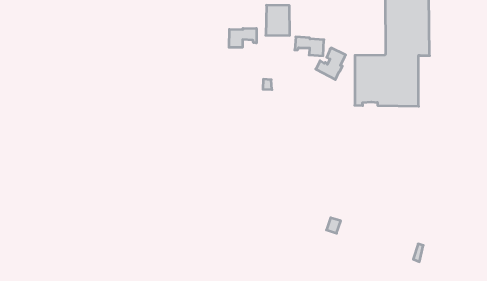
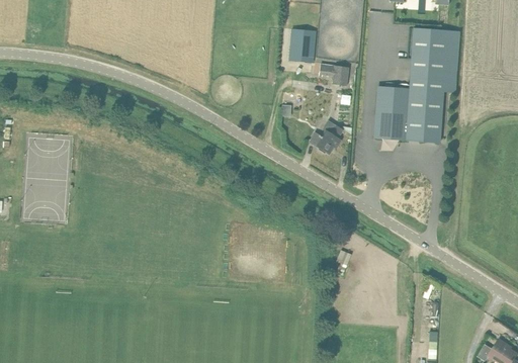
building: [229,28,256,47] -> none
building: [316,48,346,80] -> [310,120,341,153]

